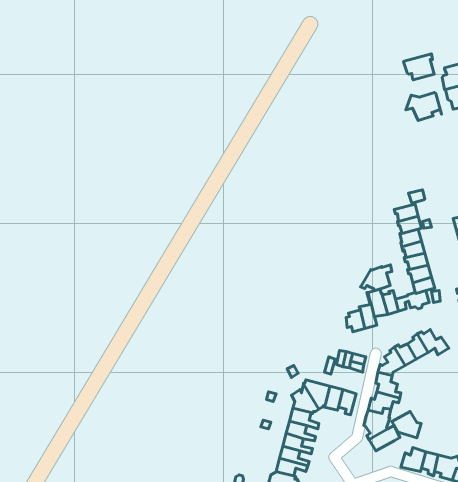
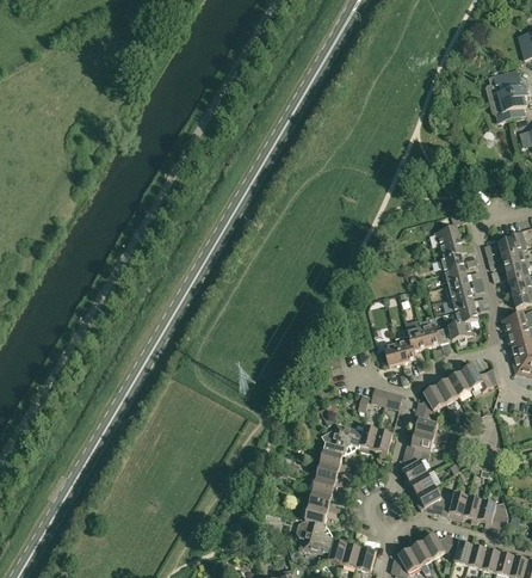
building: [403,54,434,80] -> none
building: [406,92,442,121] -> none
building: [360,265,392,291] -> none
building: [392,412,421,438] -> [413,485,445,514]

